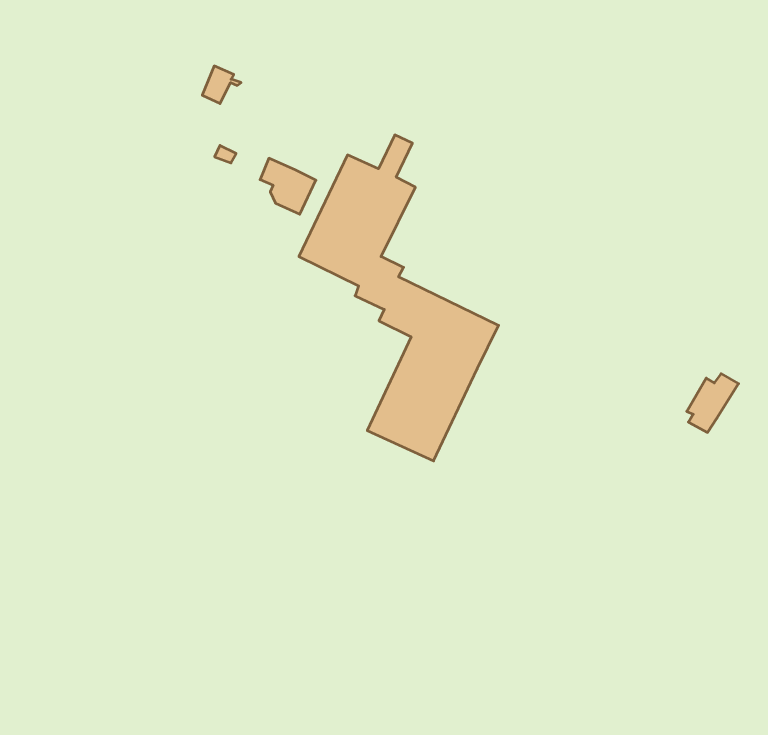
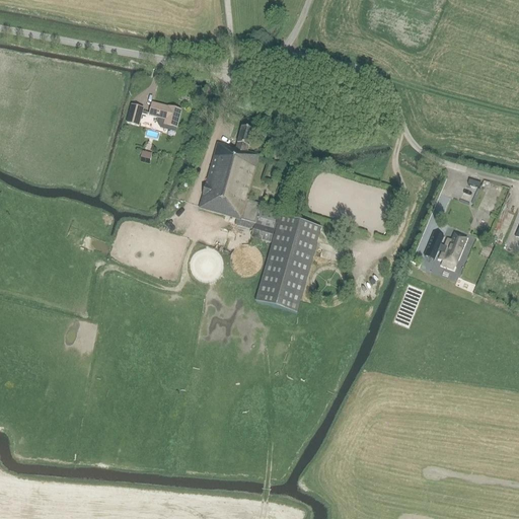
building: [260,158,316,214] -> [149,100,181,130]

